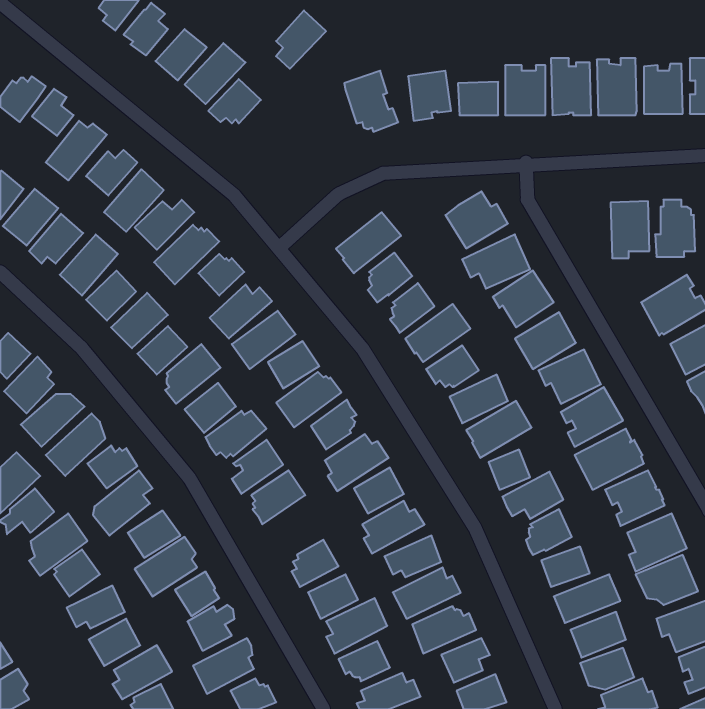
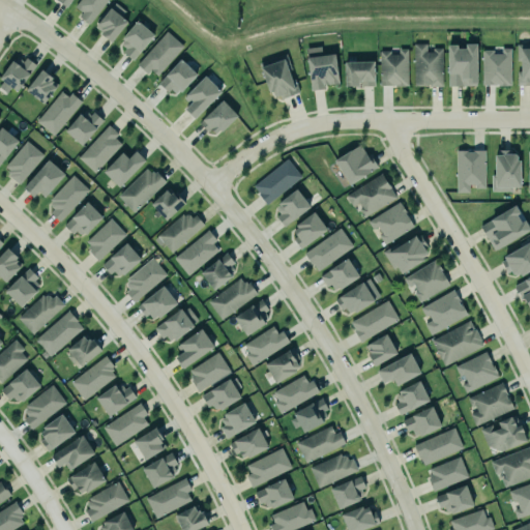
building: [276,10,326,69] -> [186,76,224,119]
building: none -> [200,99,239,134]
building: none -> [202,377,241,409]

